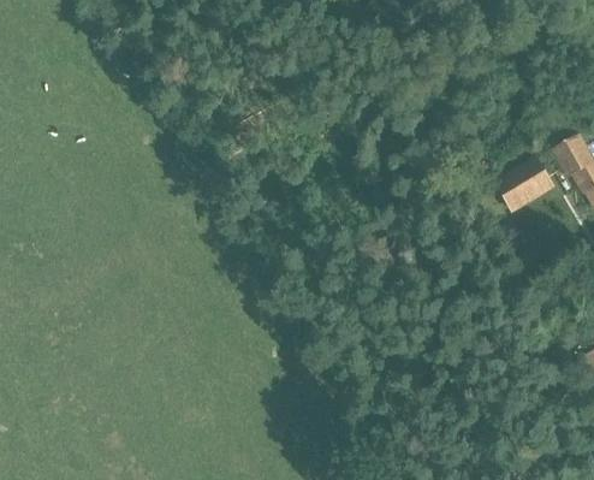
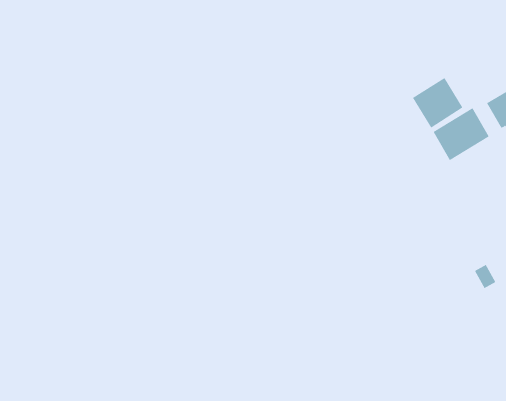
building: none -> [412,77,463,128]

